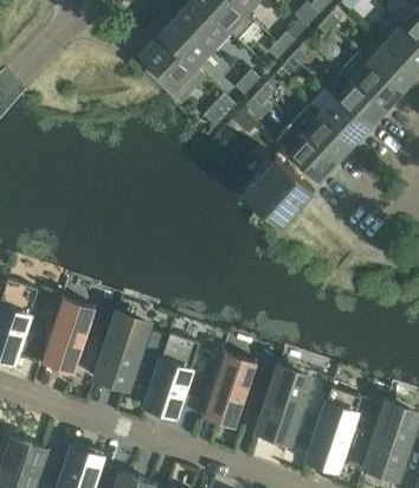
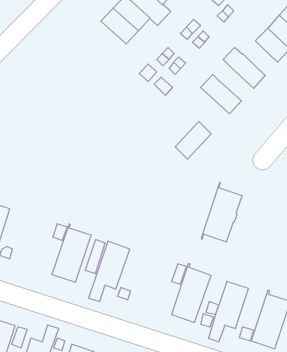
building: [141,36,206,97] -> none
building: [342,52,400,109] -> none
building: [321,98,368,143] -> none
building: [288,133,335,180] -> none
building: [244,156,294,206] -> none
building: [39,291,95,372] -> none
building: [201,346,257,426] -> [201,183,242,242]

